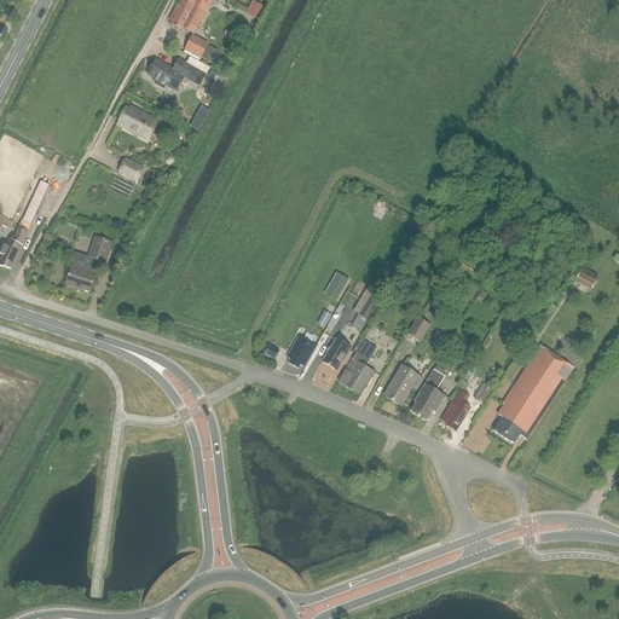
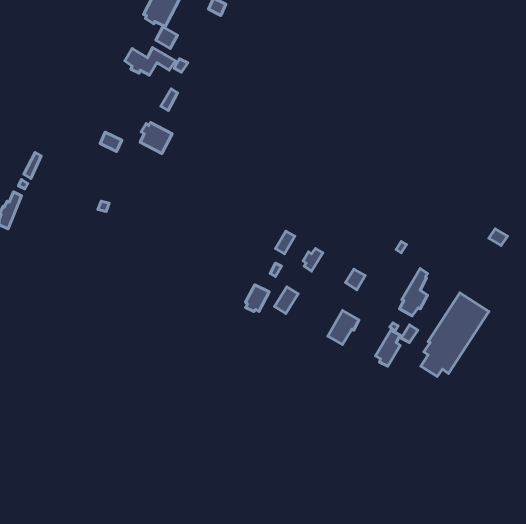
building: [118,104,156,140] -> [140,122,172,153]
building: [64,232,111,288] -> none
building: [340,339,376,391] -> none
building: [411,363,444,418] -> [400,269,427,316]

